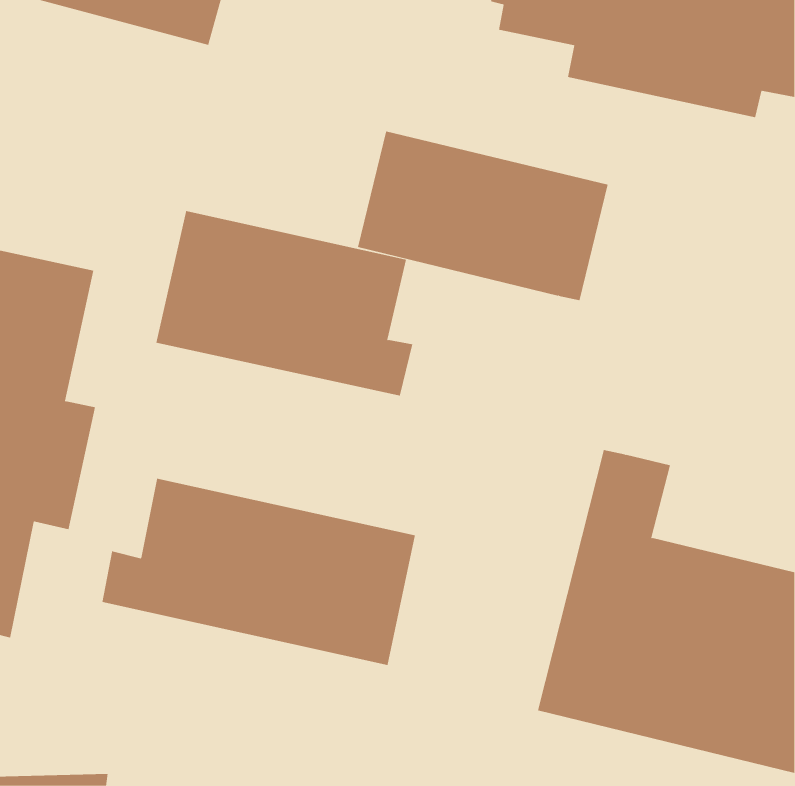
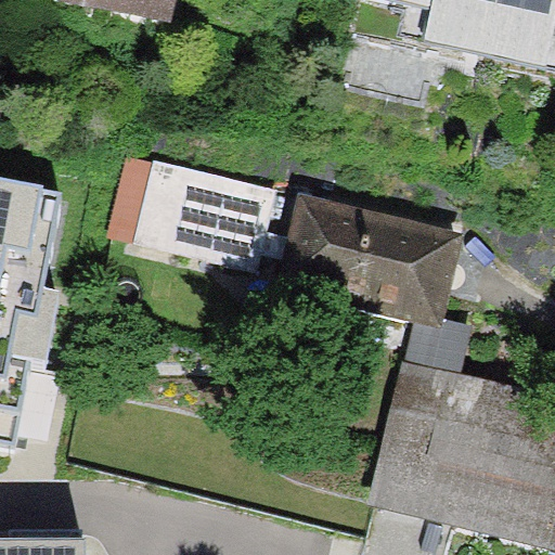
building: [357,131,608,301] -> [278,196,451,313]
building: [102,478,415,666] -> none

